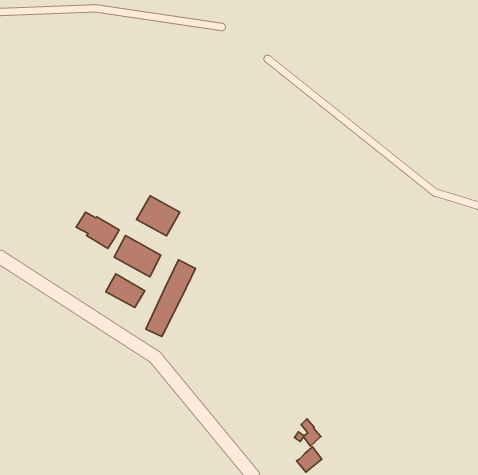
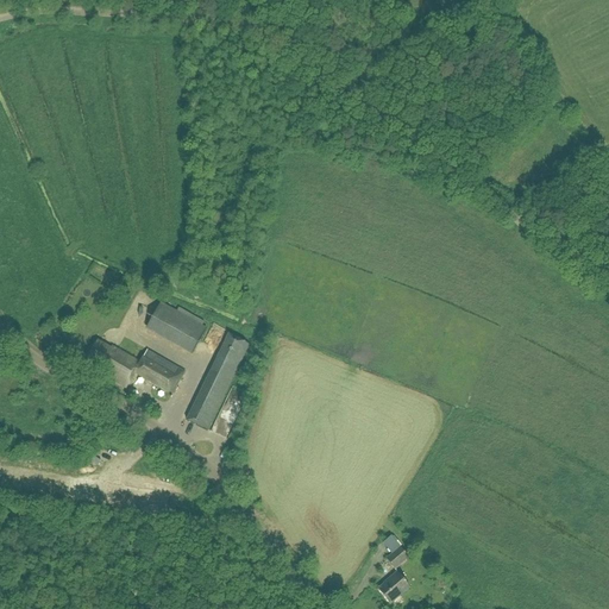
building: [137,196,180,236] -> none
building: [76,212,119,249] -> [86,338,140,384]

